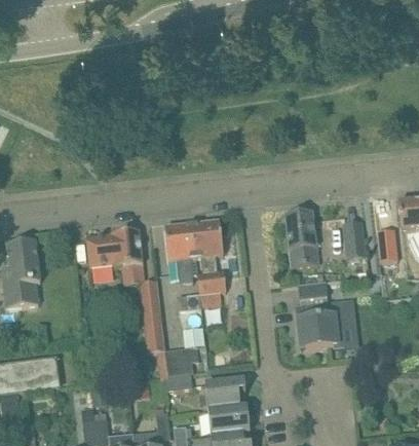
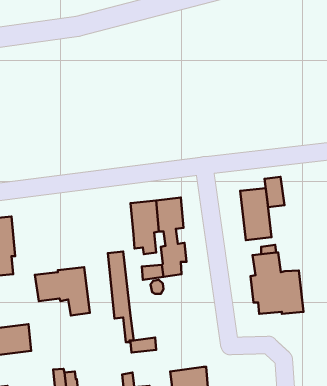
building: [343,222,365,255] -> [265,177,284,207]
building: [86,229,146,282] -> [35,267,90,316]
building: [165,344,199,373] -> none
building: [206,377,245,409] -> none

